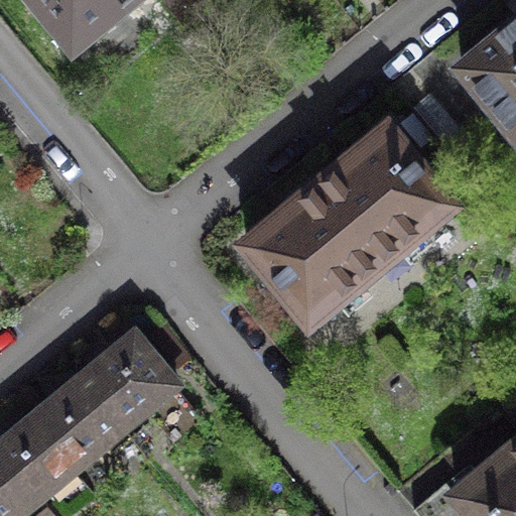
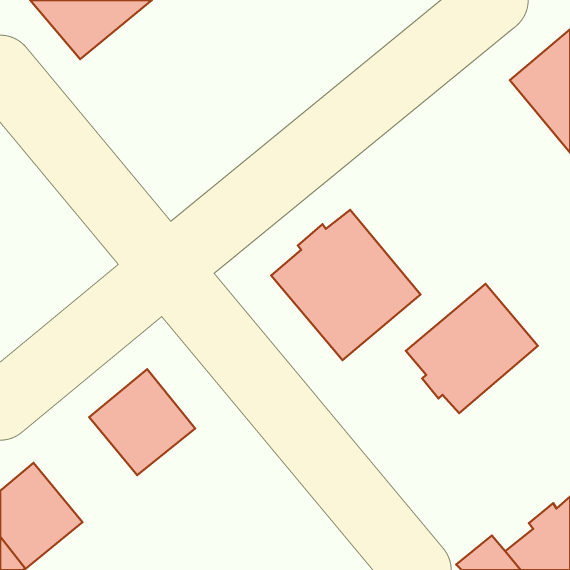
building: [316,132,449,266] -> none
building: none -> [406,284,538,413]
building: [30,377,124,472] -> none

